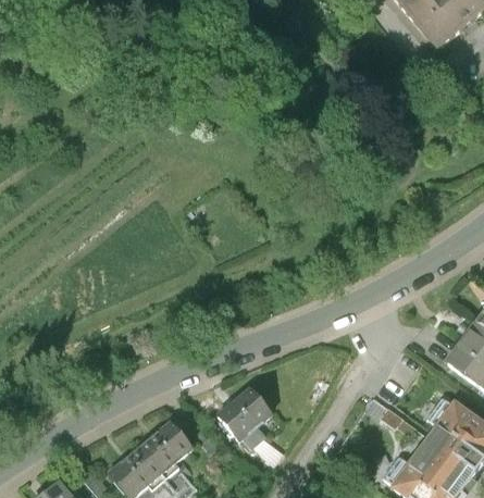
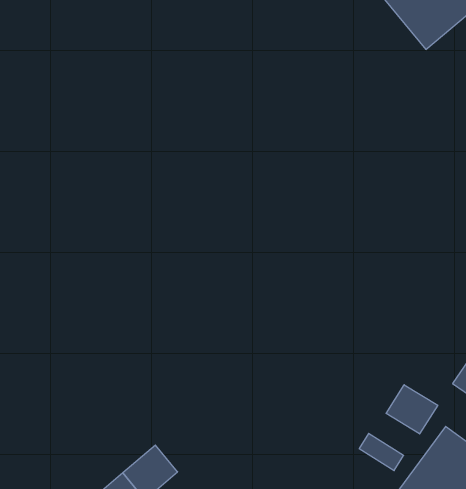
building: none -> [386,385,438,434]
building: [226,385,280,437] -> none

